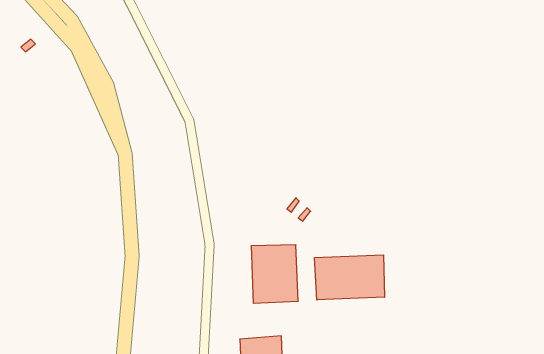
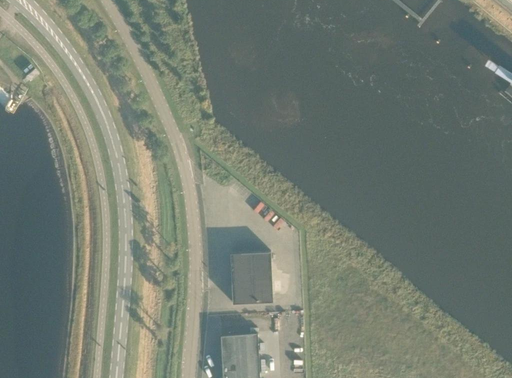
building: [315,255,385,300] -> none

